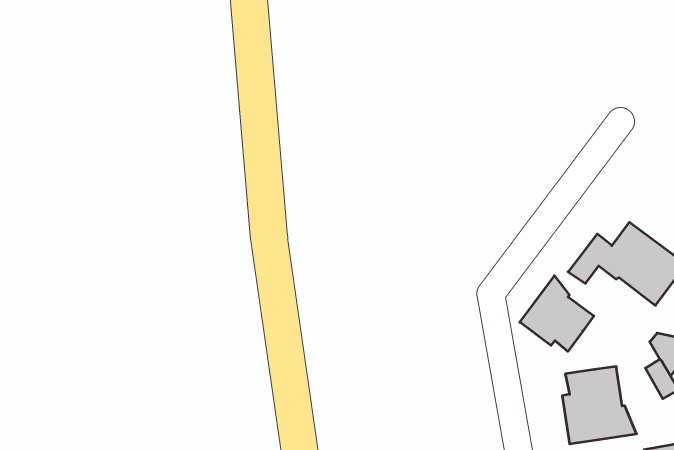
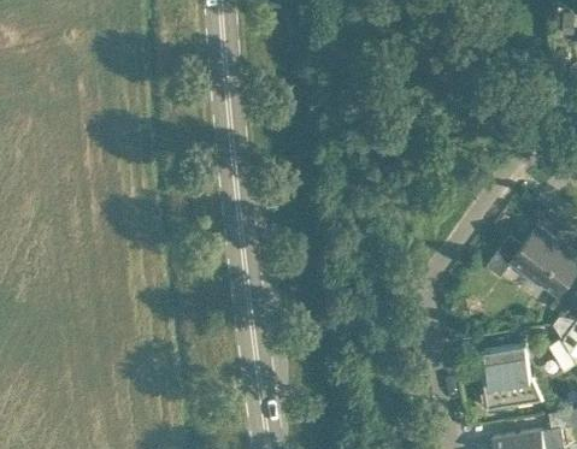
building: [520,276,594,351] -> none

